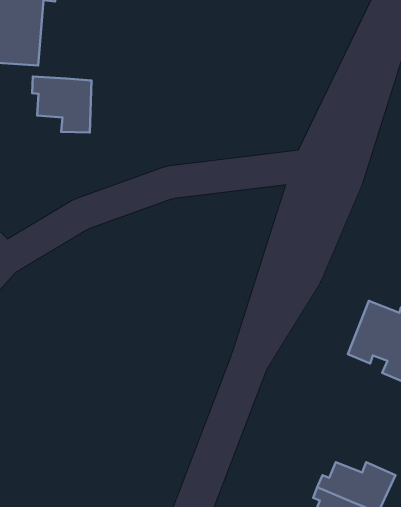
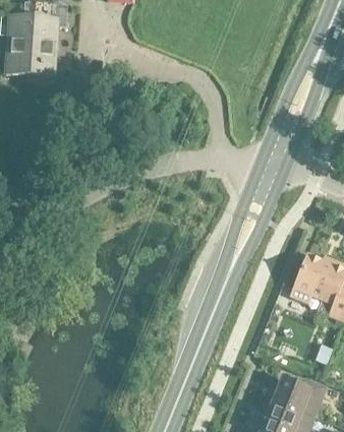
building: [32,77,91,132] -> none

